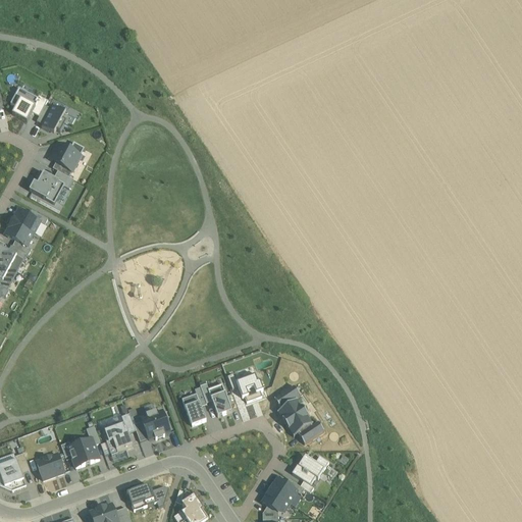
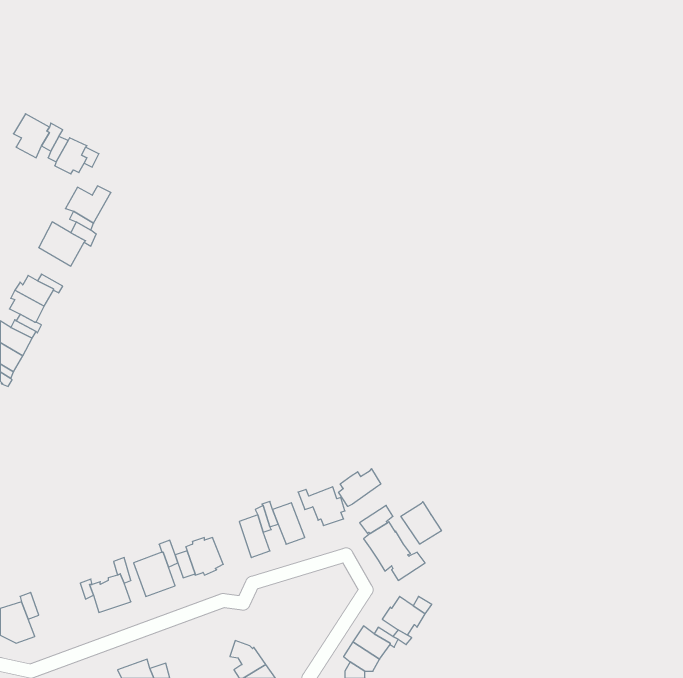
building: none -> [339,469,381,506]
building: none -> [401,502,441,544]
building: [37,454,64,479] -> none
building: [126,482,168,510] -> none

